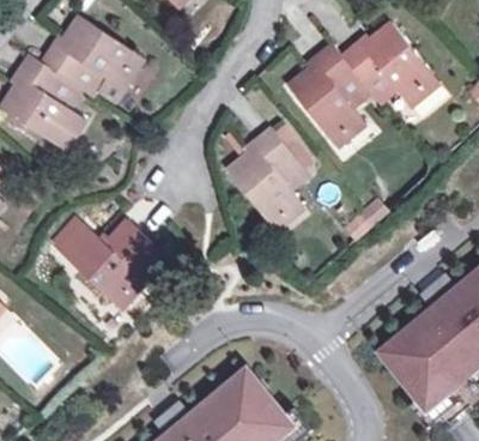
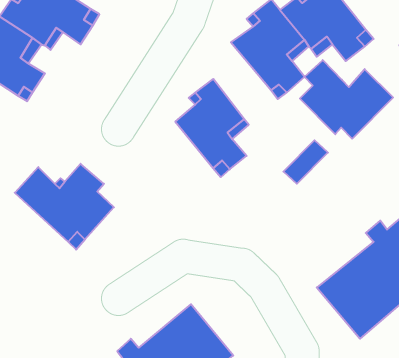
building: none -> [300,60,393,139]

